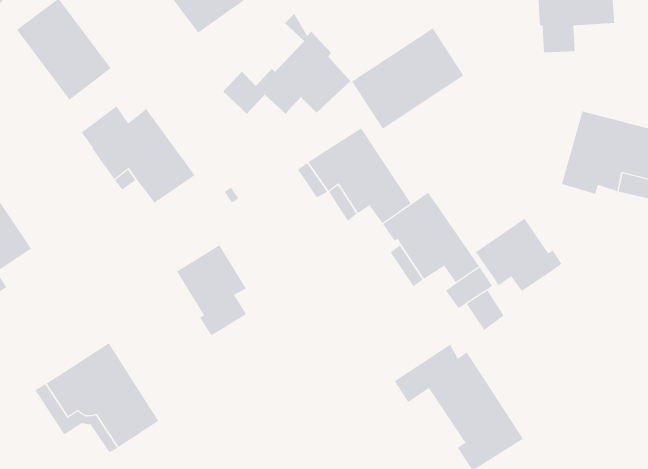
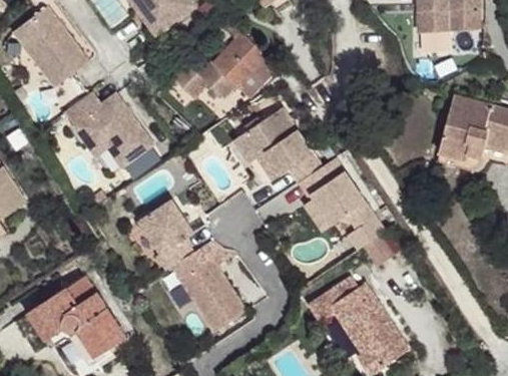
building: [351,27,464,130] -> none
building: [475,218,562,292] -> none
building: none -> [171,240,244,332]

